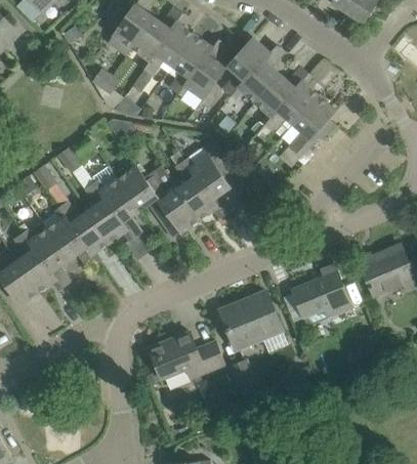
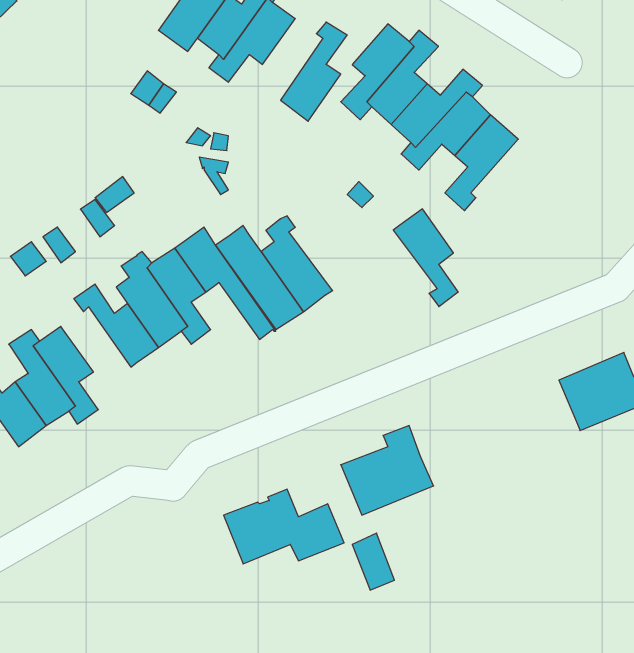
building: [170,35,211,96] -> none
building: [190,156,231,217] -> [393,209,458,307]
building: [46,216,100,268] -> none
building: [291,263,351,319] -> none

